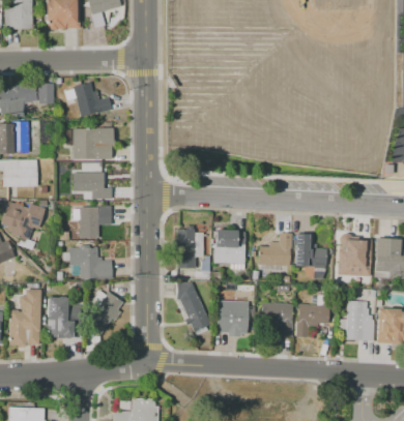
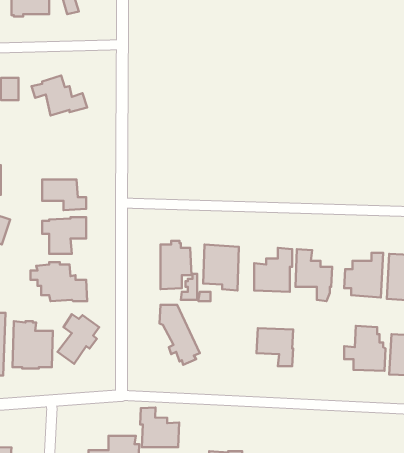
building: [73,128,115,159] -> none
building: [215,291,249,334] -> none
building: [296,295,336,337] -> none
building: none -> [140,408,179,447]

